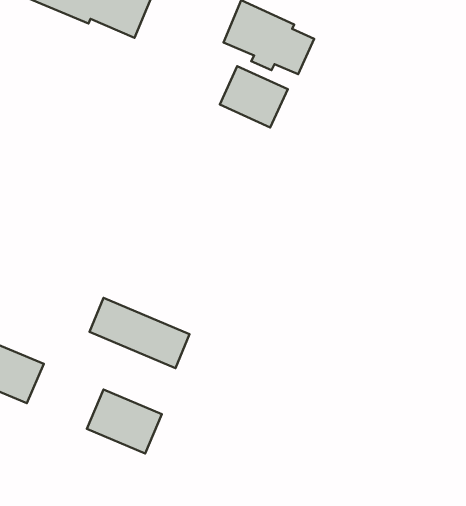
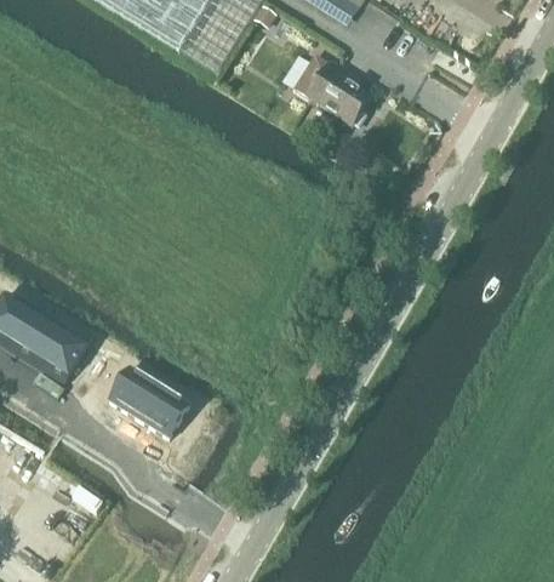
building: [220,66,288,128] -> none
building: [89,298,190,368] -> none

